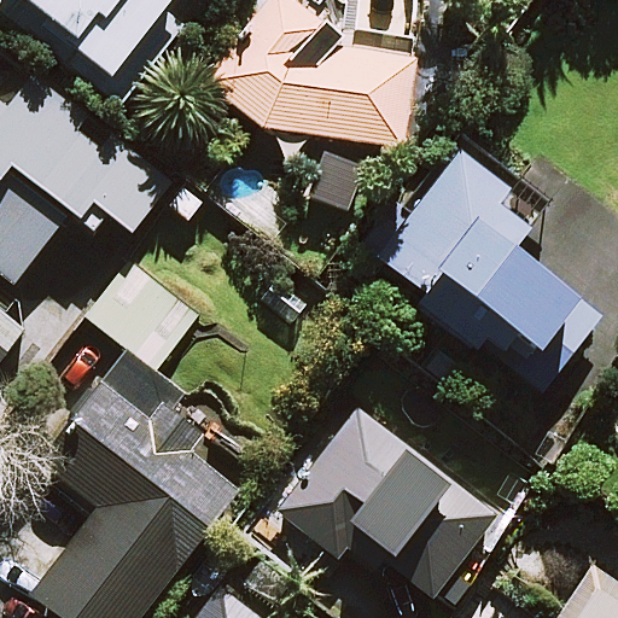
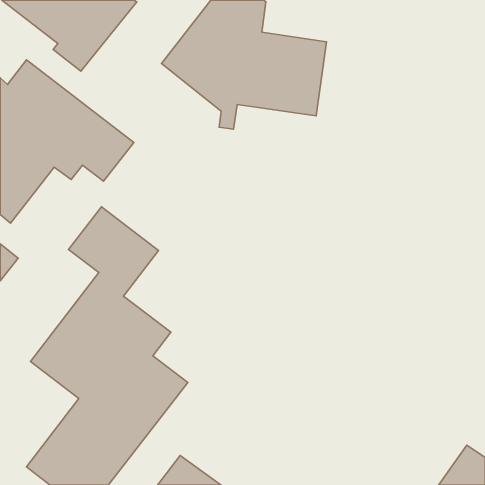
building: [369,142,599,389] -> none
building: [279,408,501,602] -> none

